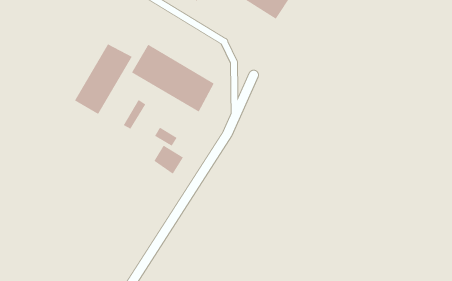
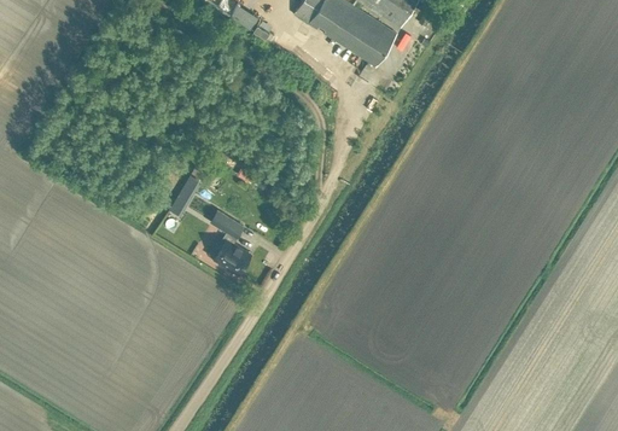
building: [74,44,132,115] -> none
building: [131,44,215,113] -> none

